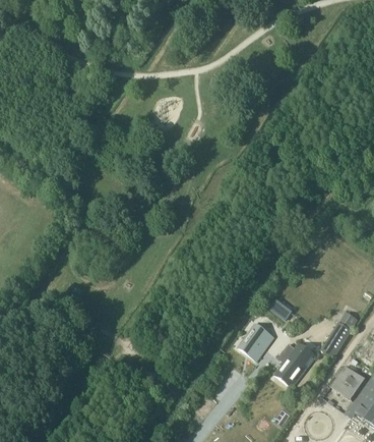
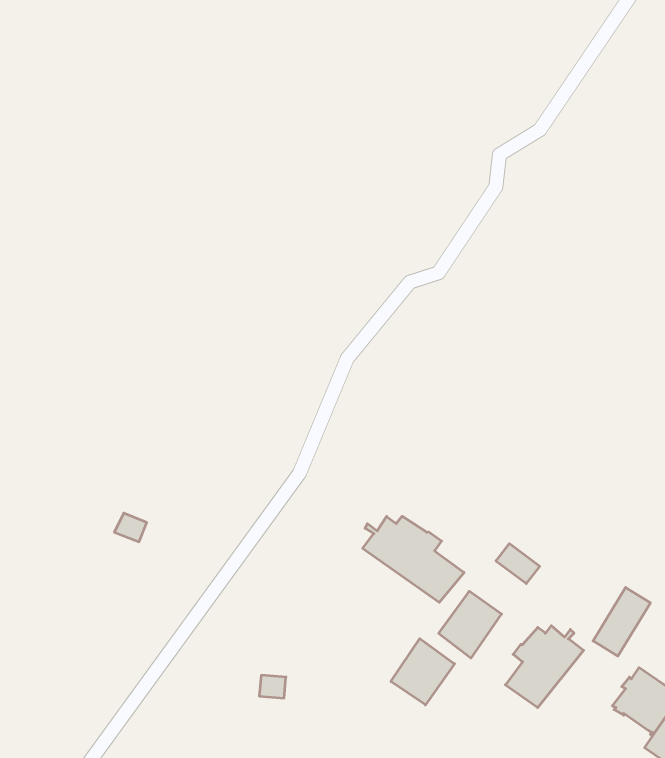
building: none -> [363,516,464,602]
building: none -> [391,639,455,705]

